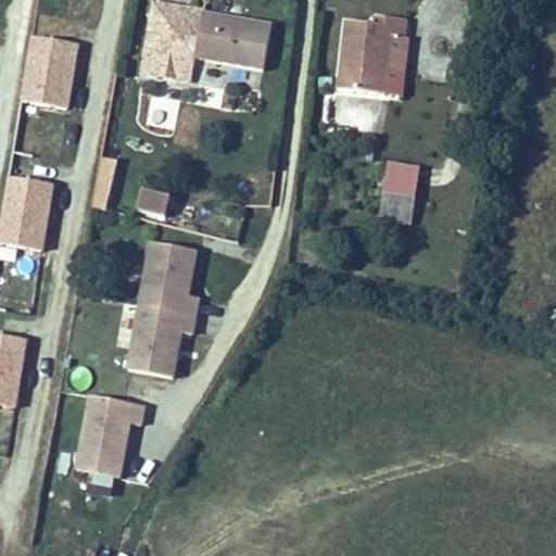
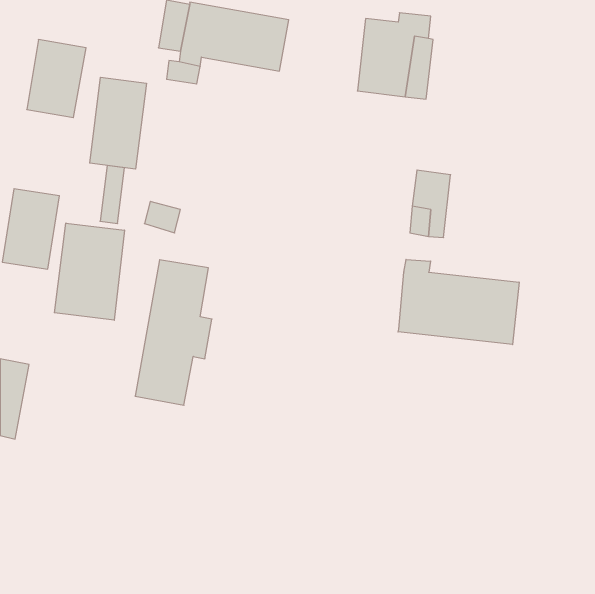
building: none -> [90,77,146,169]
building: none -> [54,223,124,320]
building: none -> [398,259,519,345]
building: [75,395,142,478] -> none

